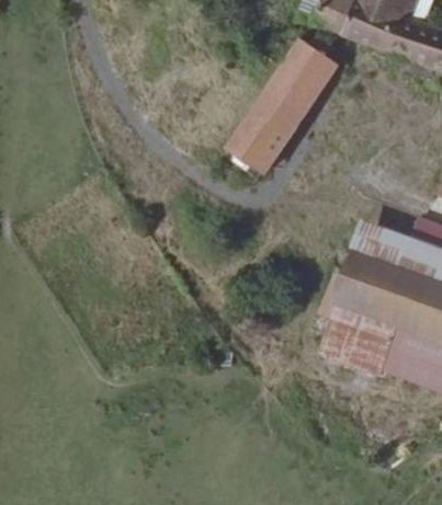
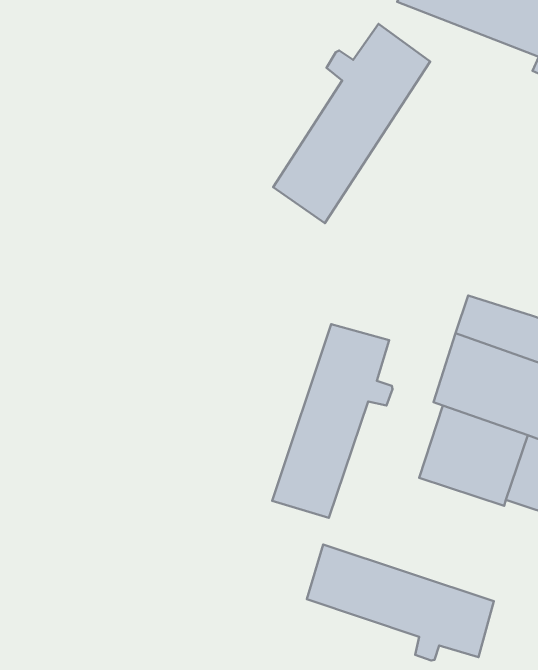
building: none -> [272,324,393,518]
building: none -> [307,545,494,661]

